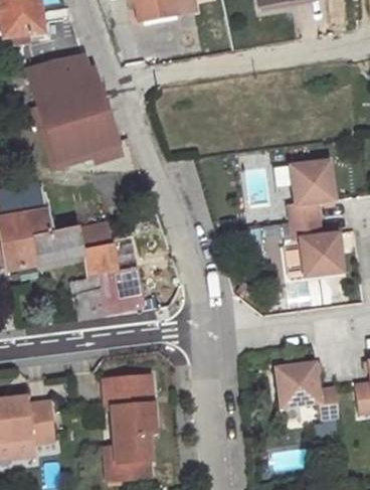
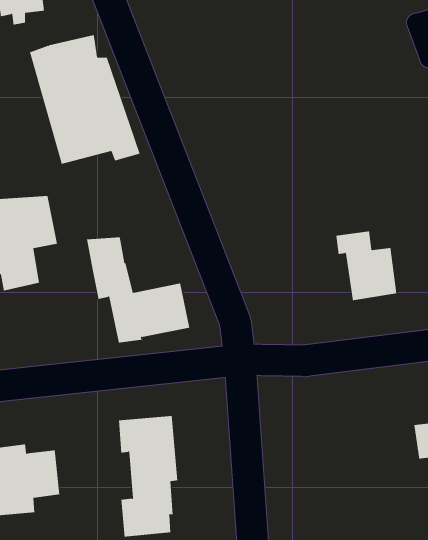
building: [287,160,332,222] -> none
building: [32,225,81,263] -> none
building: [70,275,104,318] -> none
building: [275,360,339,418] -> none

